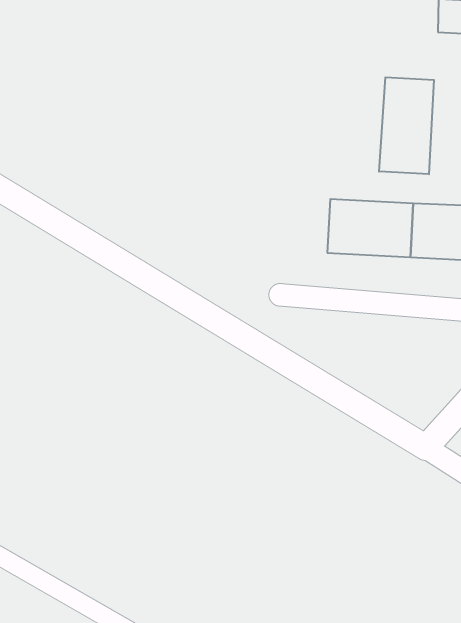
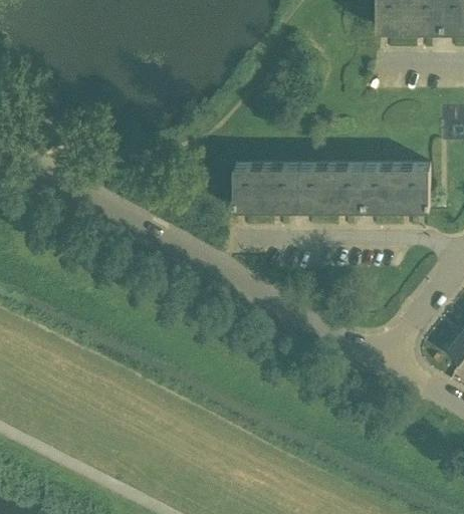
building: [379,77,434,174] -> none
building: none -> [234,167,299,209]

